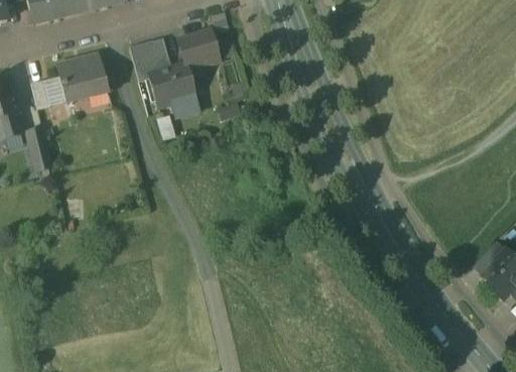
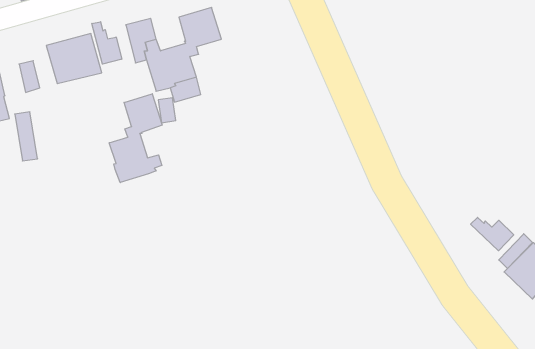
building: none -> [92,22,122,64]
building: none -> [109,94,162,183]
building: none -> [471,217,514,251]

